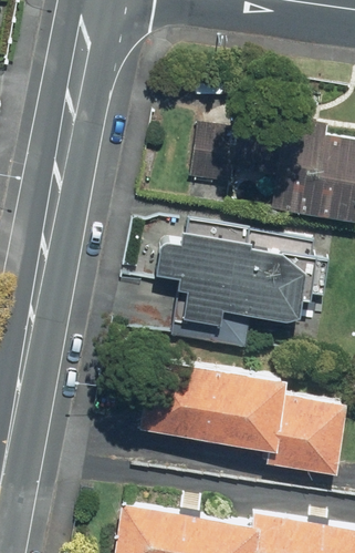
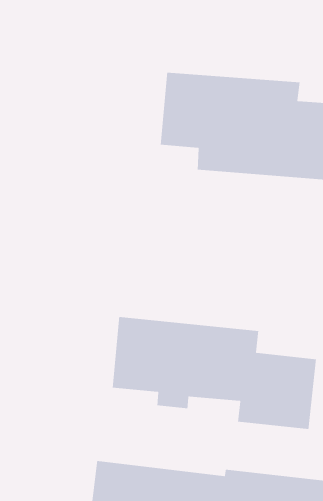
building: [152,222,326,327] -> none

